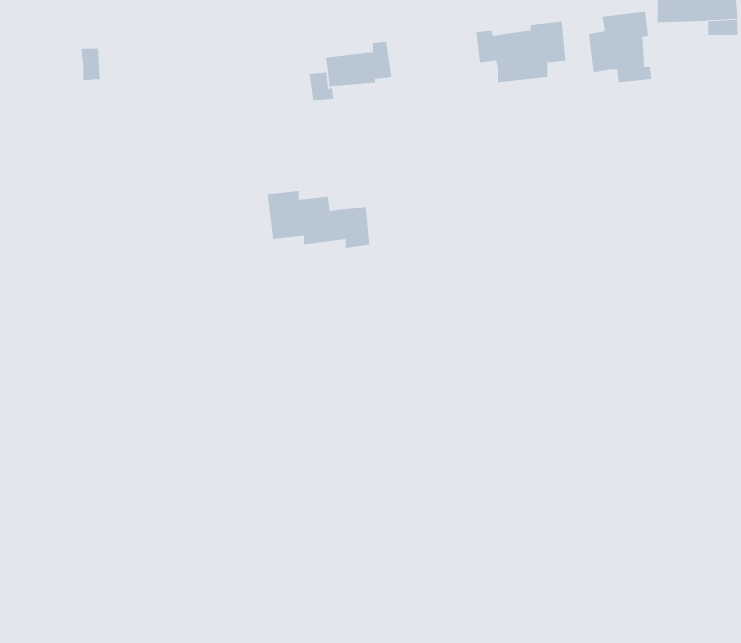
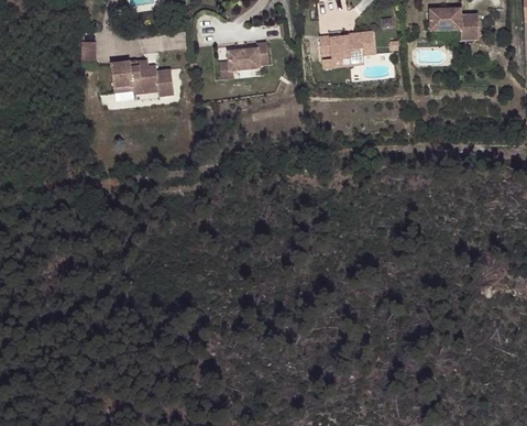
building: [589,11,652,83] -> none
building: [267,191,370,249] -> [109,59,172,95]

